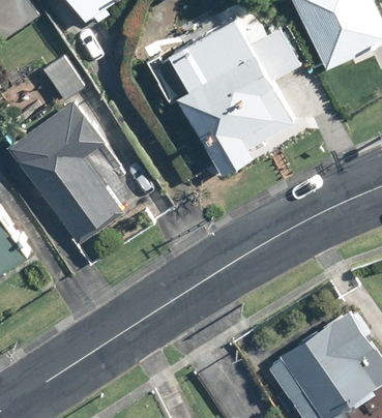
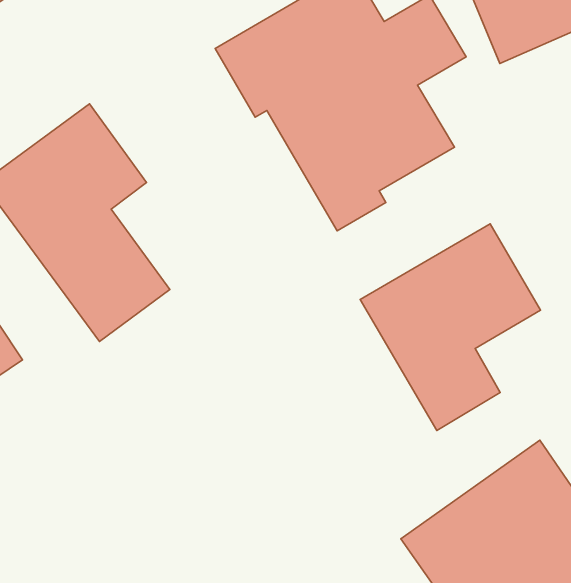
building: none -> [360,224,540,430]

